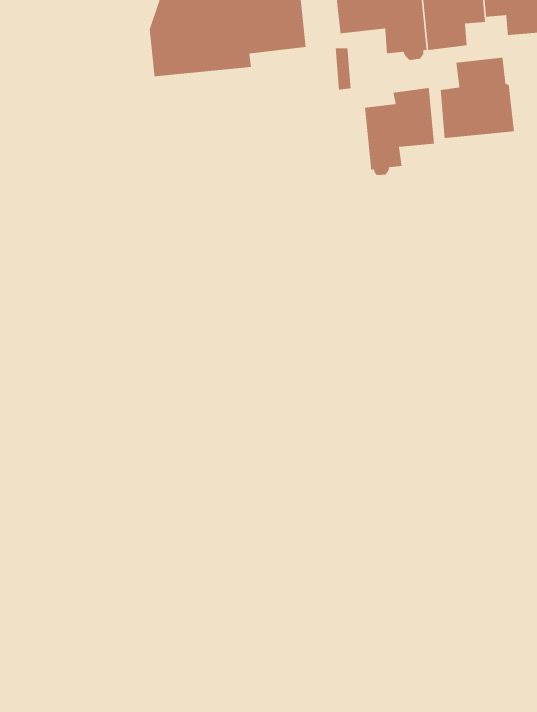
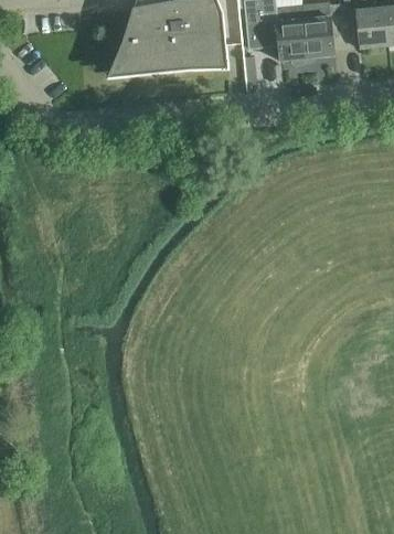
building: [440,57,515,139] -> none
building: [364,87,435,176] -> none

